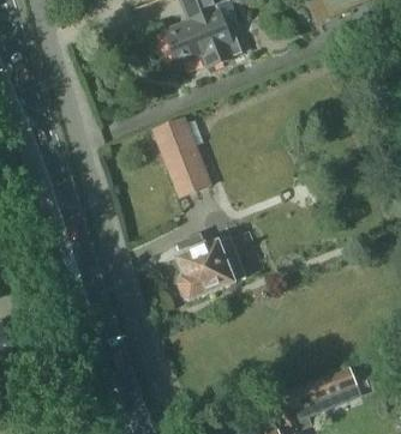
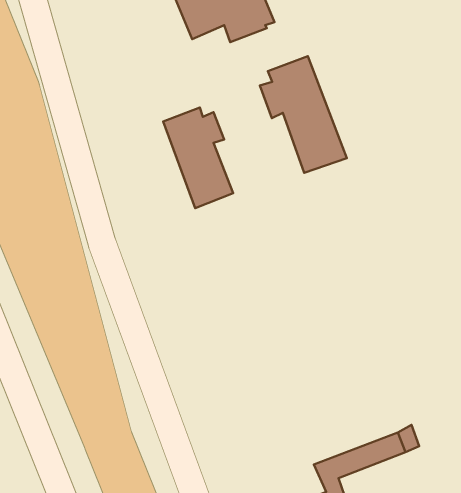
building: none -> [260,56,347,173]
building: [175,235,246,301] -> none

